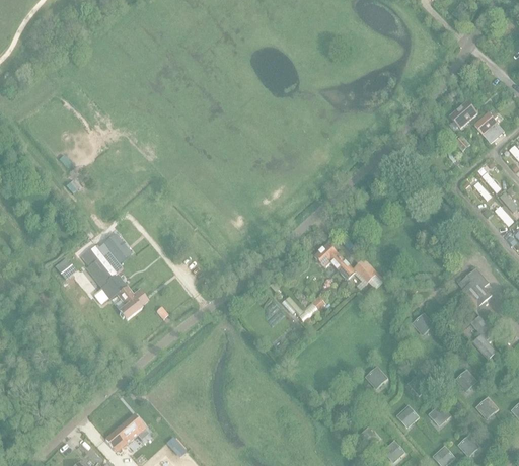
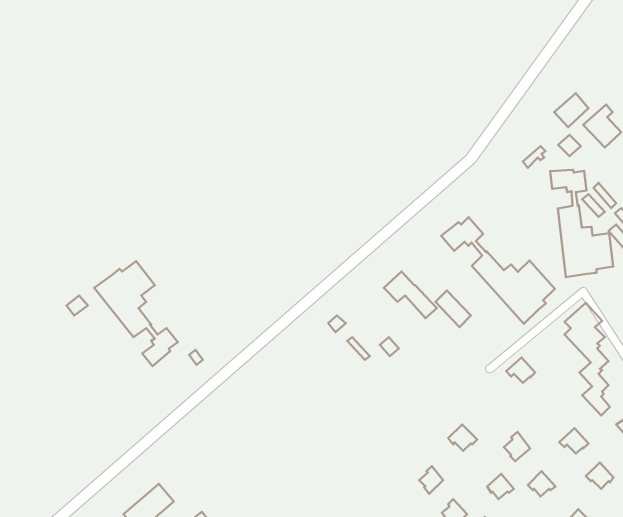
building: none -> [550,170,613,277]
building: none -> [441,217,555,324]

